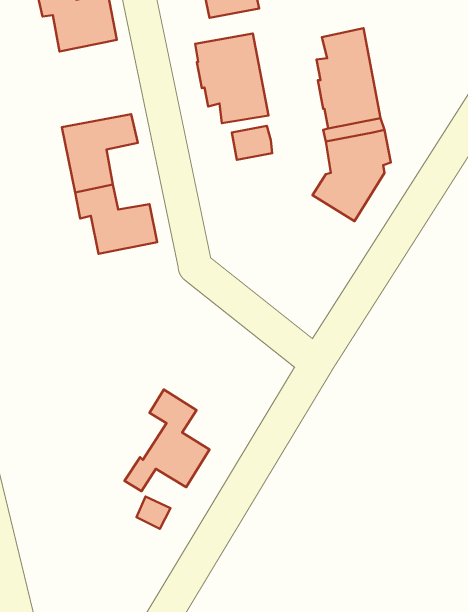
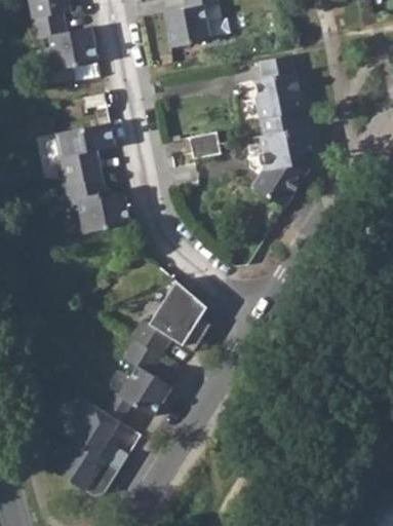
building: [195,34,268,123] -> none
building: none -> [130,279,210,355]
building: none -> [51,396,127,495]

